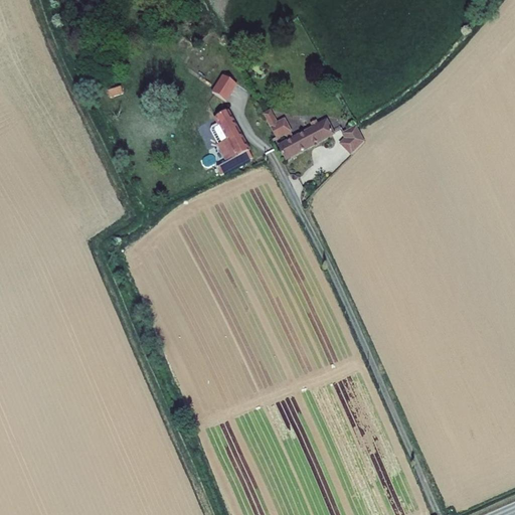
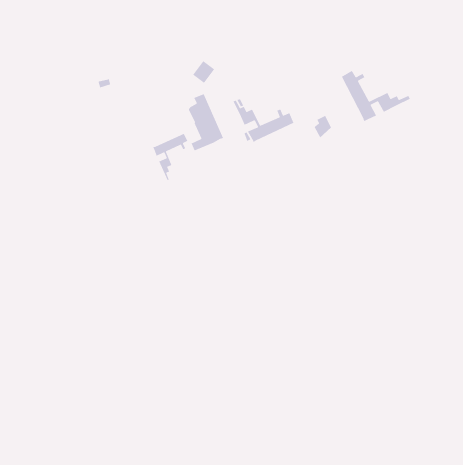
building: none -> [341,70,411,122]
building: none -> [152,133,188,181]

